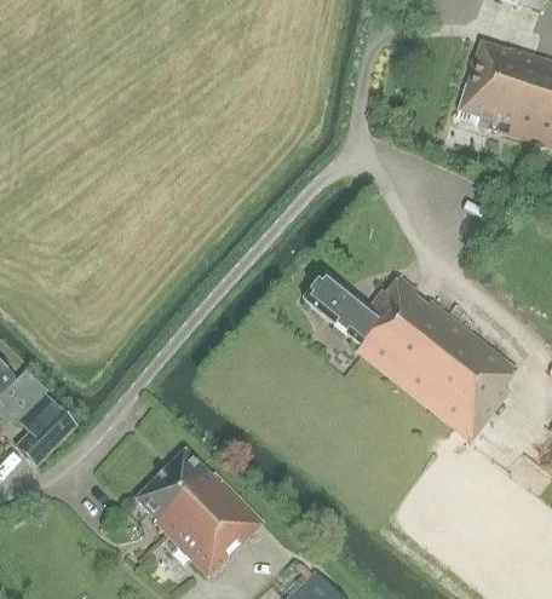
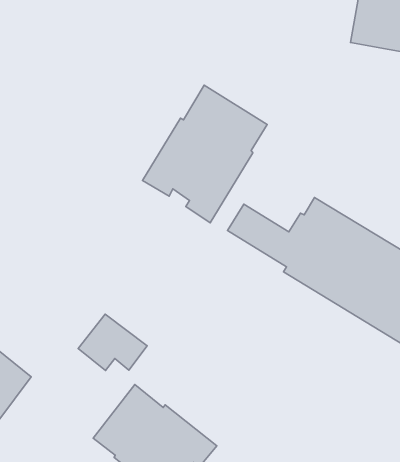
building: none -> [142,85,267,223]
building: none -> [78,314,147,371]

